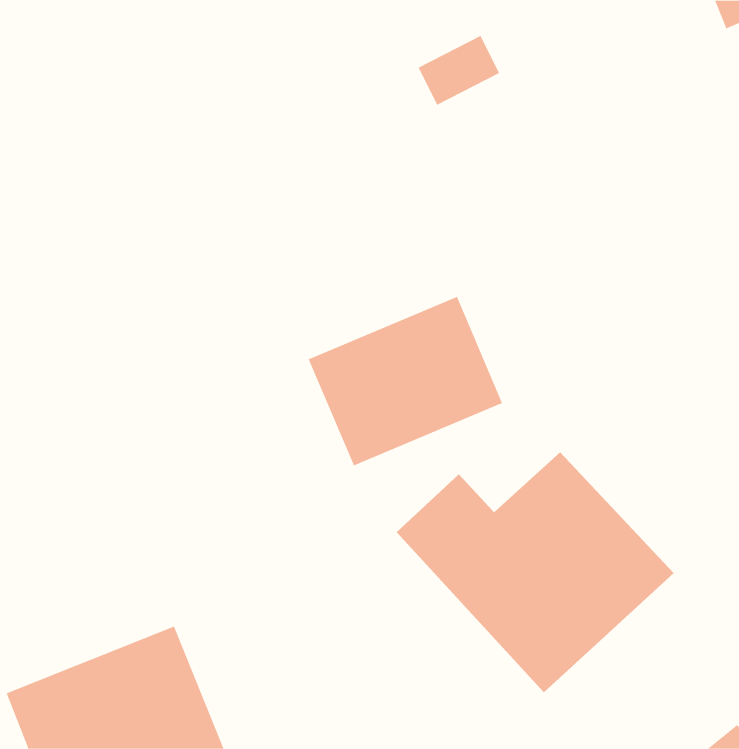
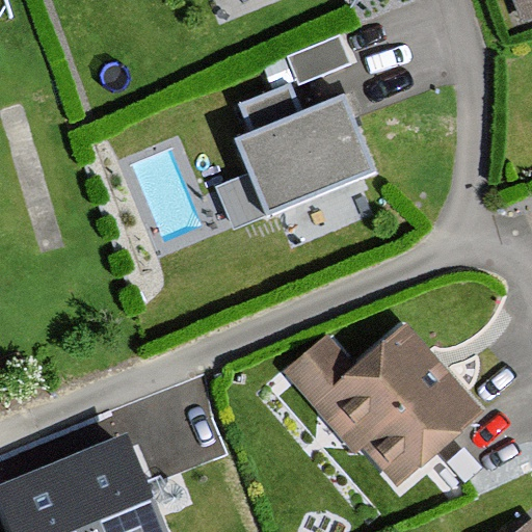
building: [308,296,503,466] -> [228,96,366,216]

